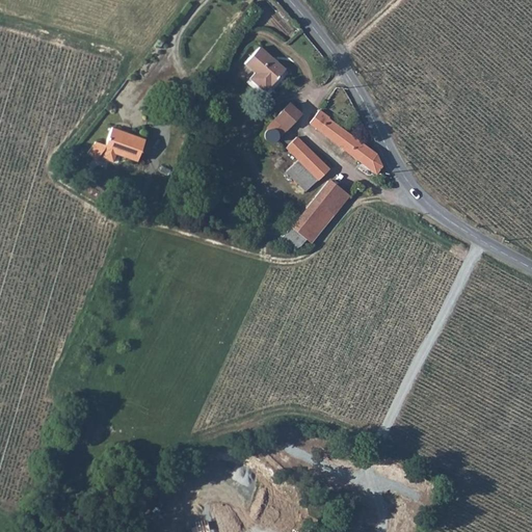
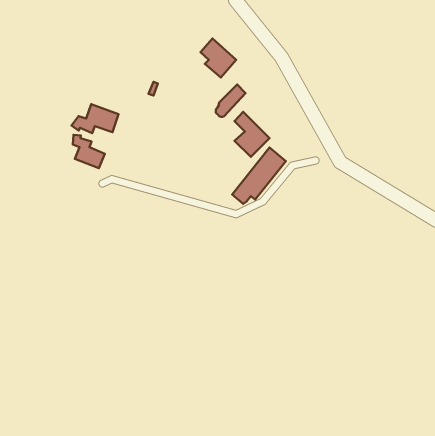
building: [310,109,382,174] -> none
building: none -> [73,135,105,168]

